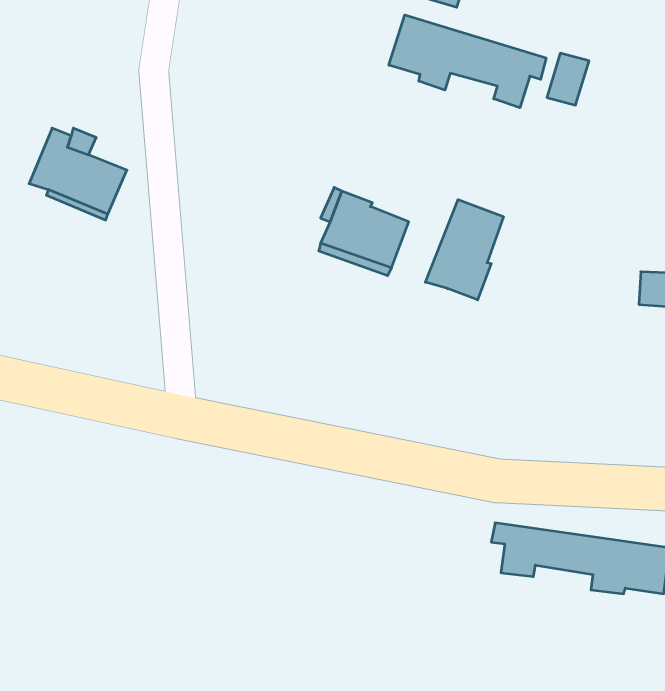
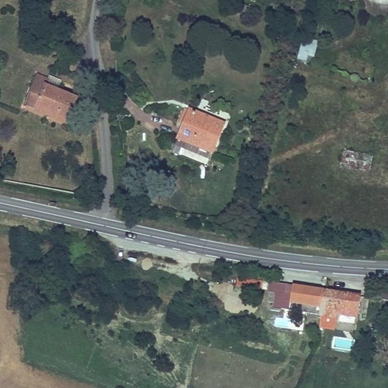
building: [389,15,546,108] -> none
building: [425,200,503,300] -> none

